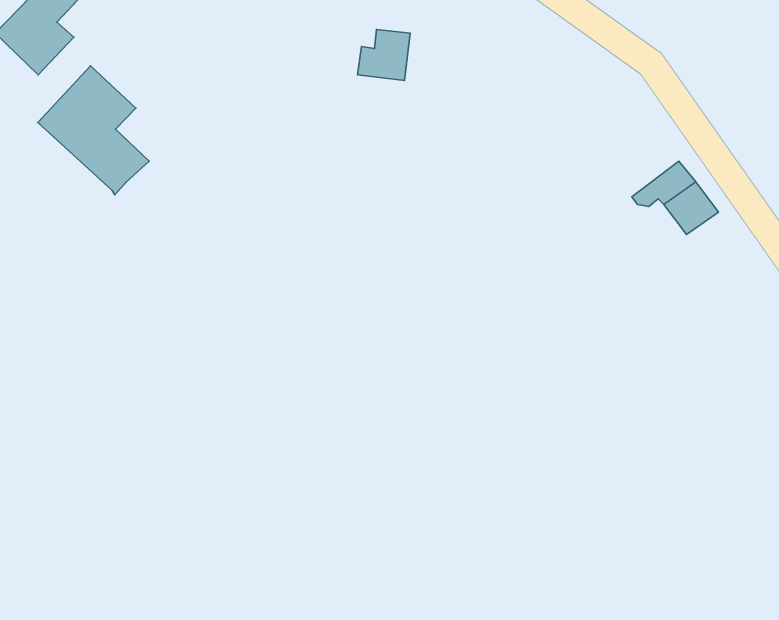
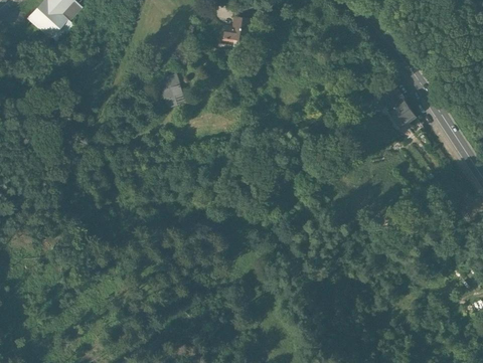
building: [38,66,149,195] -> none
building: none -> [159,74,186,109]

